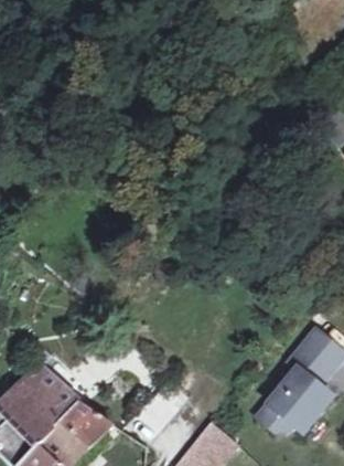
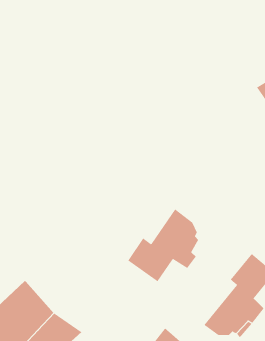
building: none -> [127,209,199,282]

